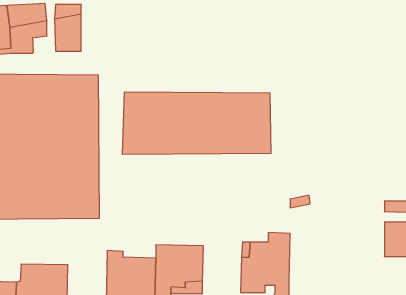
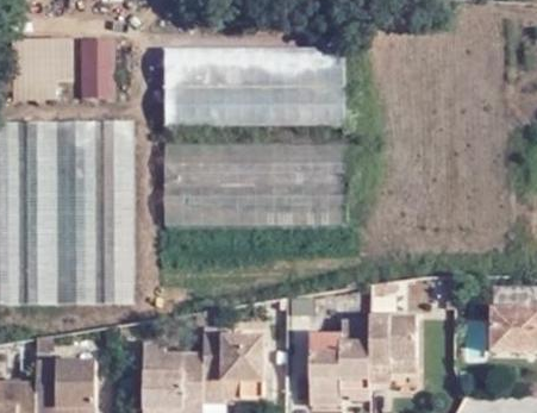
building: none -> [166,46,343,125]
building: none -> [373,320,422,383]

